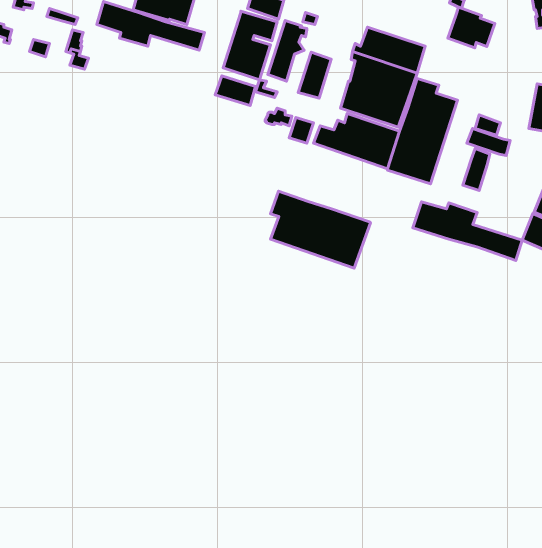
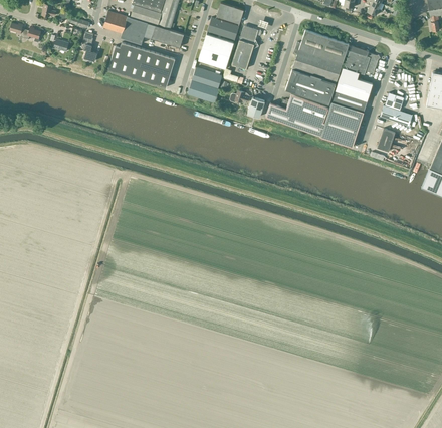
building: [448,7,495,48] -> [344,45,379,75]
building: none -> [107,42,175,88]
building: [298,52,331,98] -> none
building: none -> [188,80,219,102]
building: [271,191,370,268] -> none
building: [413,202,522,260] -> none

